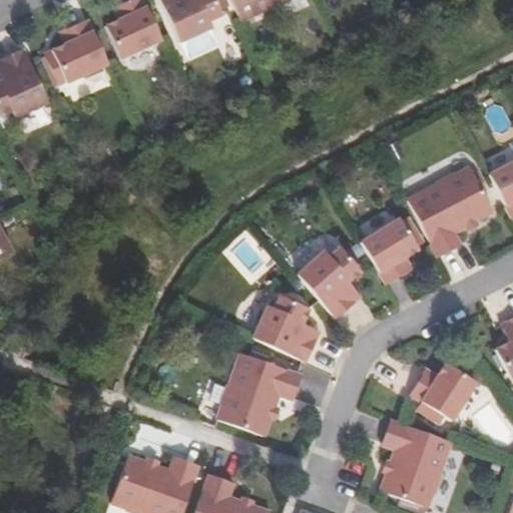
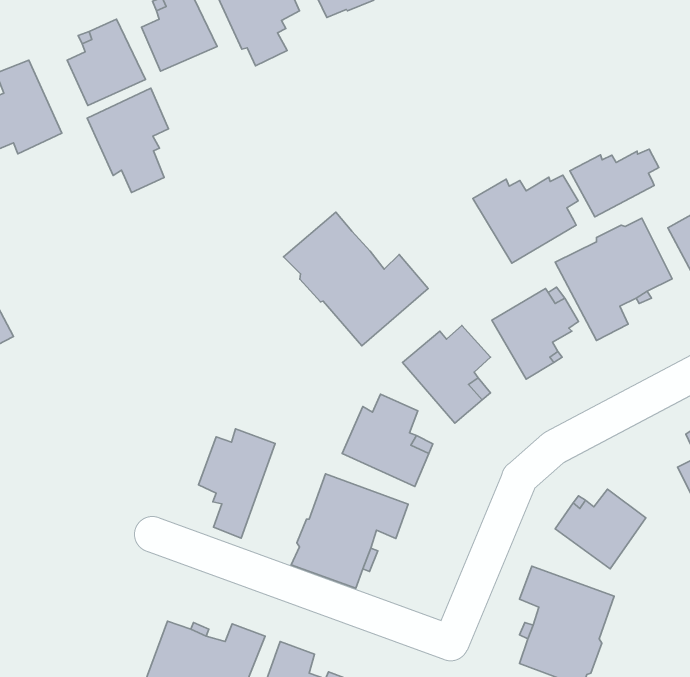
building: none -> [87,88,169,192]
building: none -> [570,149,659,217]
building: none -> [473,175,578,263]
building: none -> [283,212,428,346]
building: none -> [199,429,275,538]

